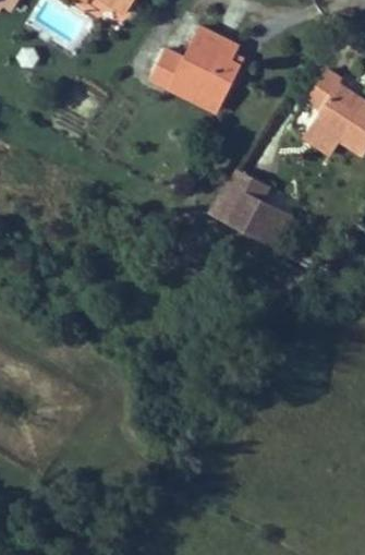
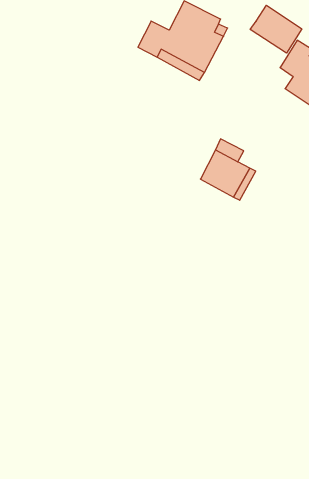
building: none -> [250,5,302,53]

